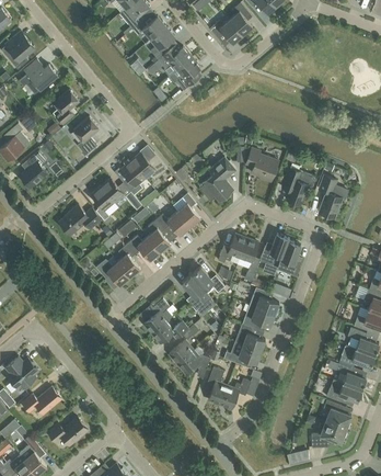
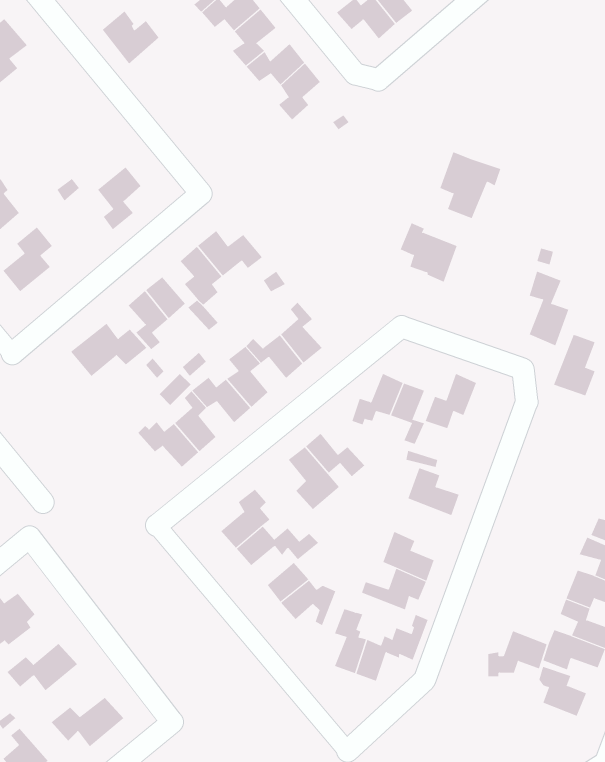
building: [23,59,56,90] -> [102,10,160,64]
building: [51,89,78,124] -> none
building: [198,158,234,202] -> none
building: [280,167,315,205] -> [439,151,501,219]
building: [276,239,300,276] -> [553,331,596,396]
building: [241,305,274,328] -> none
building: [311,421,345,447] -> [488,631,547,677]

